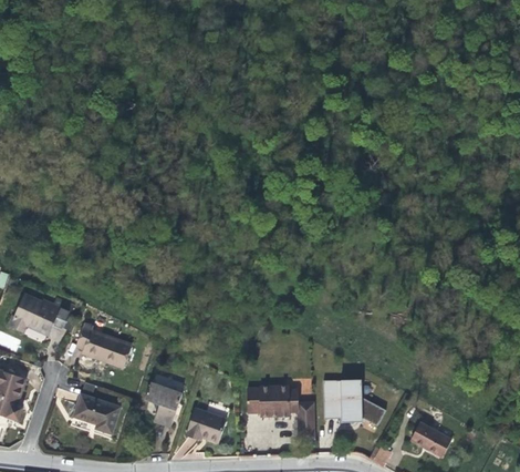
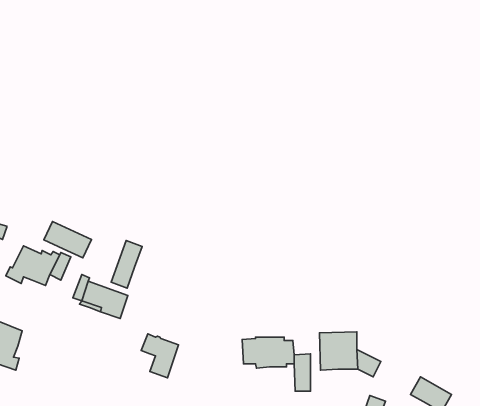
building: none -> [44,222,91,258]
building: none -> [111,241,142,288]
building: [73,393,119,433] -> none
building: [185,408,226,442] -> none

